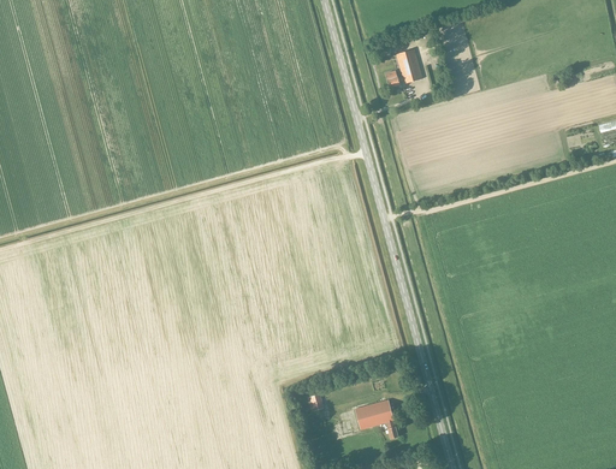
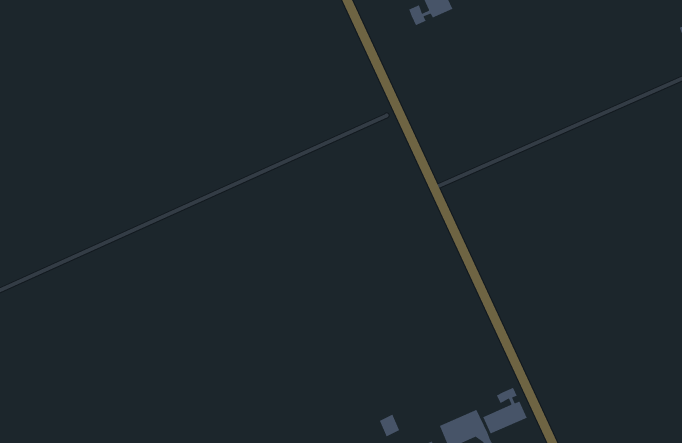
building: none -> [482,387,528,434]

